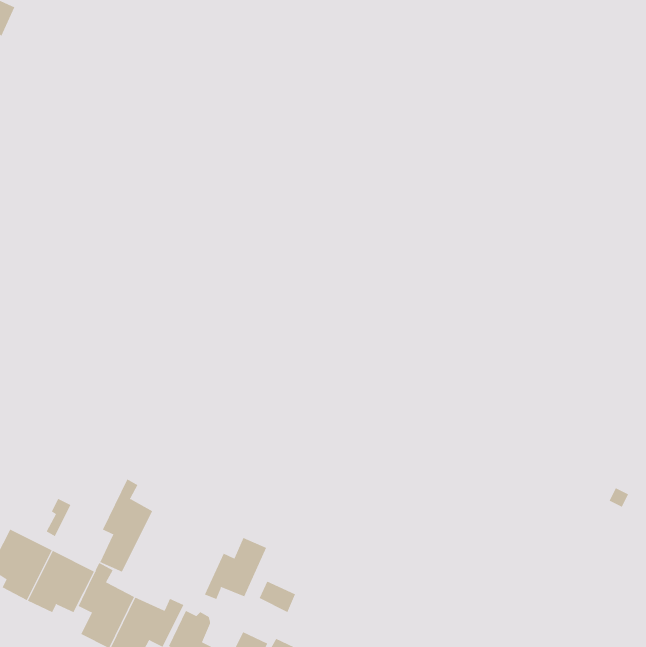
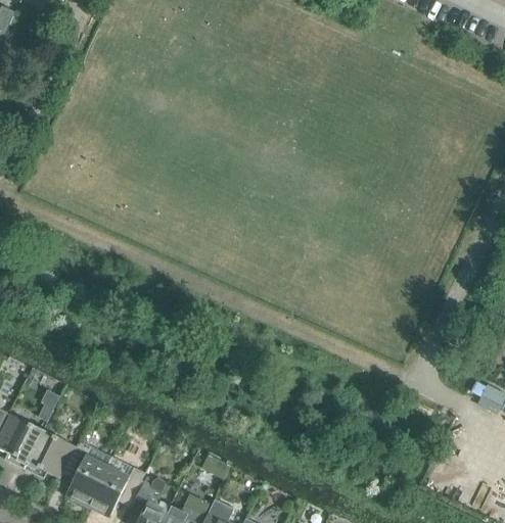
building: [100,479,153,573] -> none
building: [204,537,267,600] -> none

